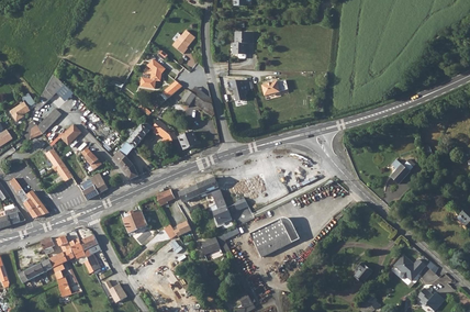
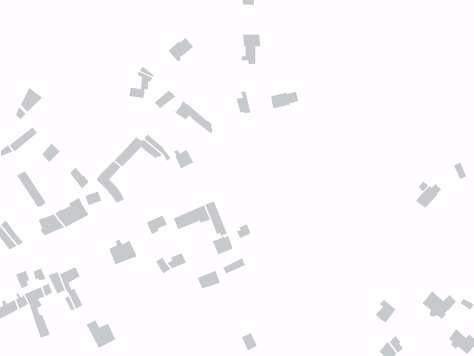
building: [249,216,299,256] -> none

